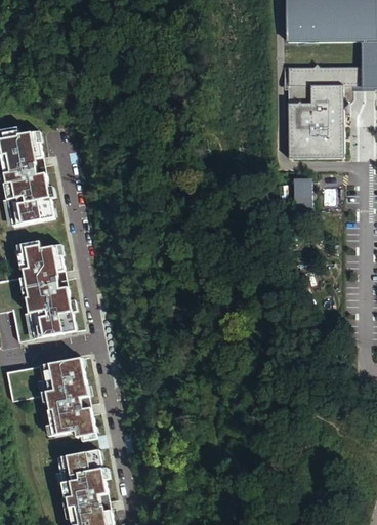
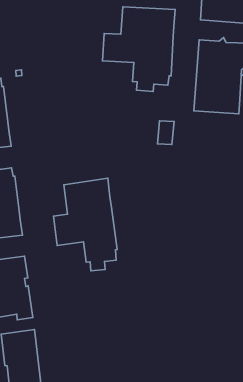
building: none -> [102,7,175,92]
building: [290,183,309,212] -> [157,121,174,145]
building: none -> [54,178,117,271]

